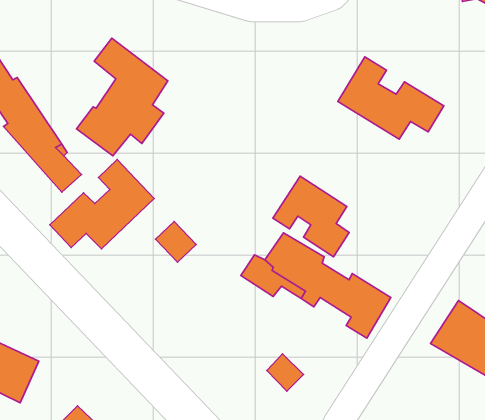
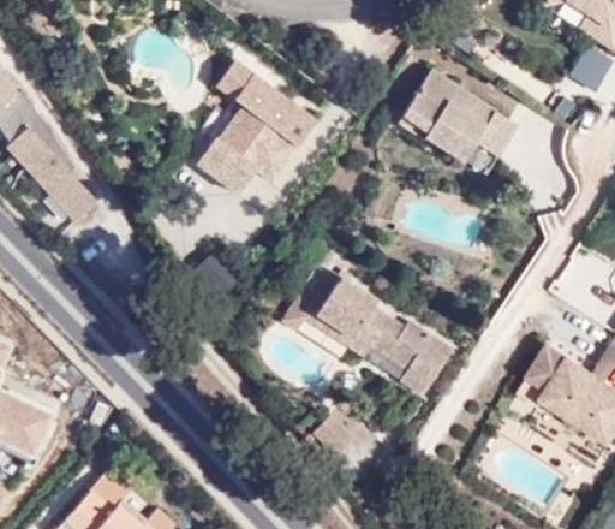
building: [76,38,168,156] -> [199,60,305,196]
building: [50,160,154,249] -> none
building: [273,176,349,257] -> none

